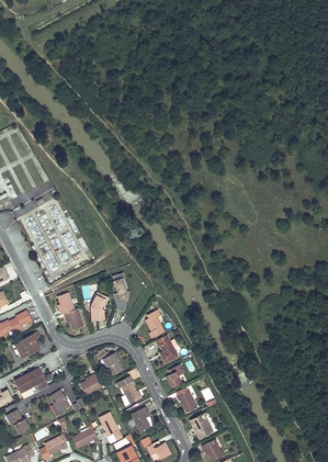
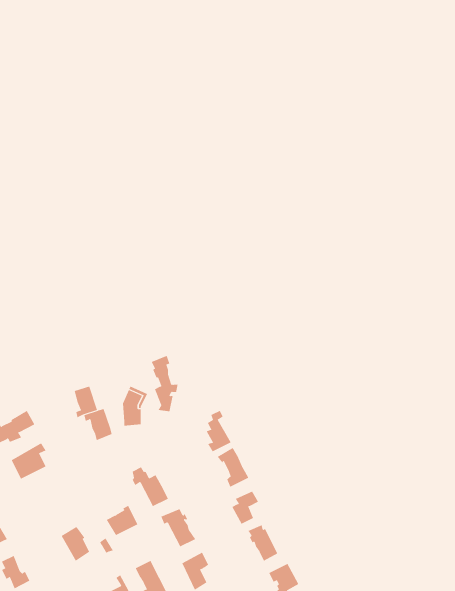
building: [14,369,48,398] -> none

